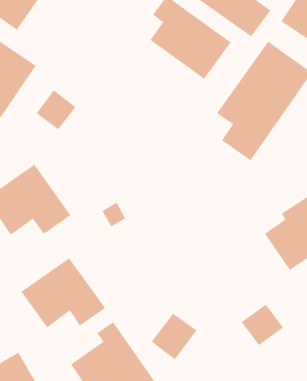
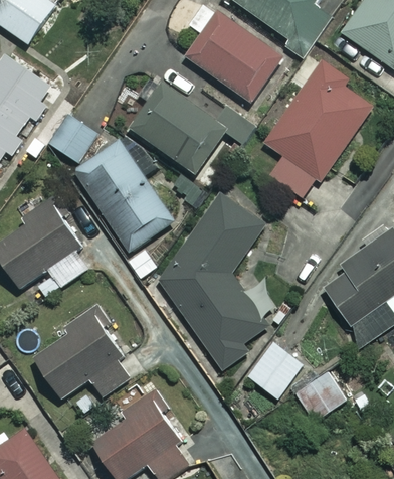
building: none -> [130,84,226,174]
building: none -> [74,141,174,252]
building: none -> [160,198,266,370]
building: [151,313,197,360] -> [247,342,303,398]

